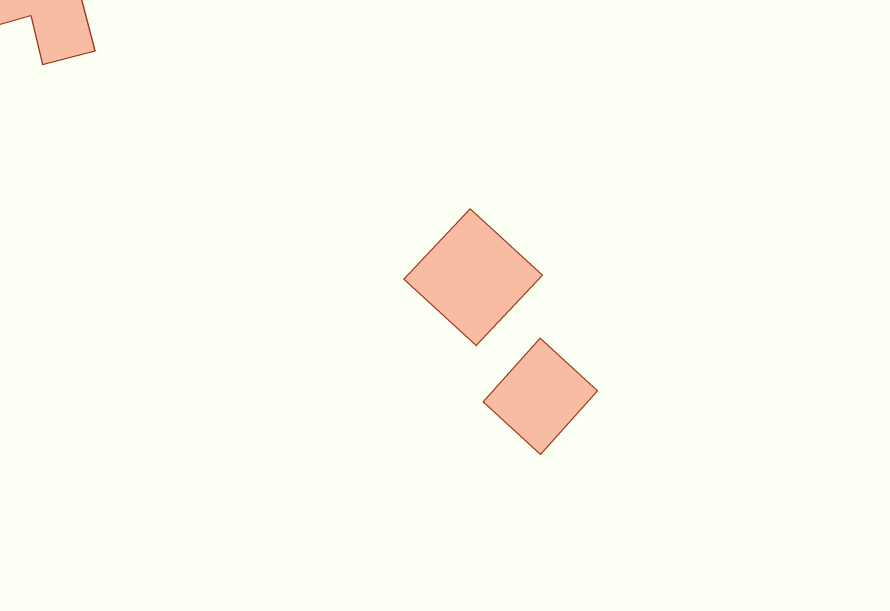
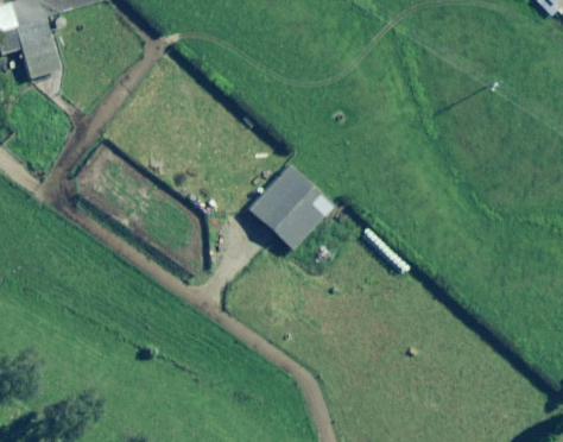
building: [483,338,597,454] -> none

